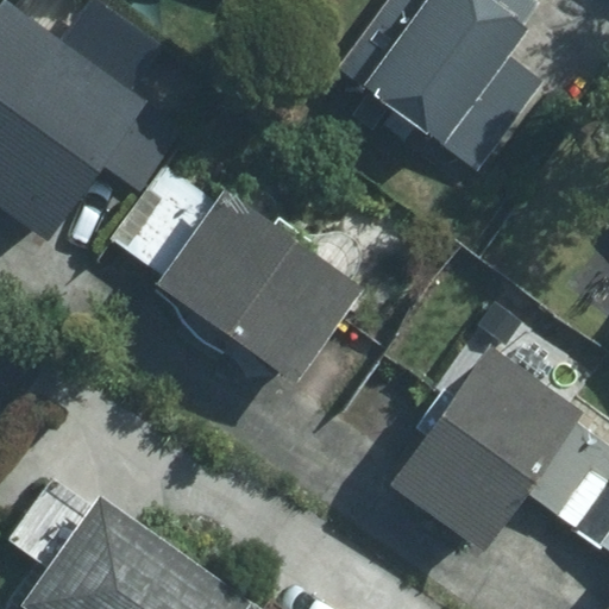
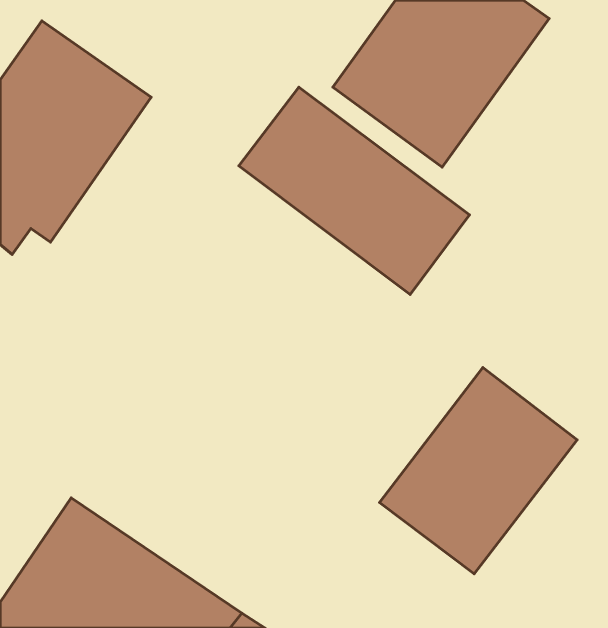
building: none -> [239,87,470,294]
building: [157,193,357,379] -> none

